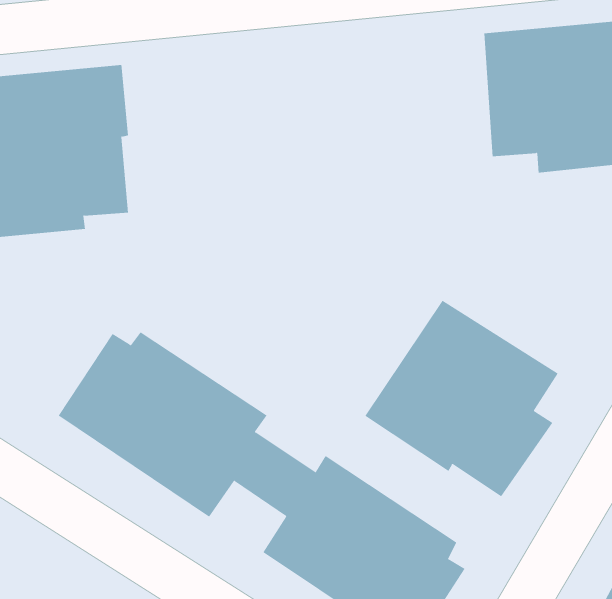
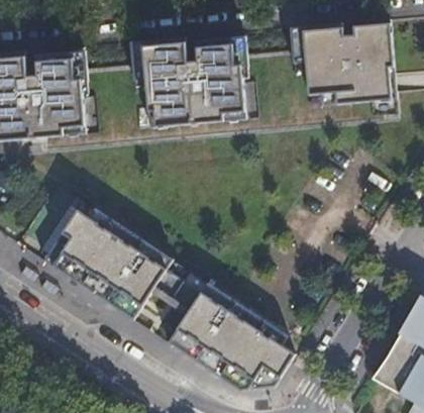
building: none -> [144,30,250,135]
building: [364,300,559,497] -> none

